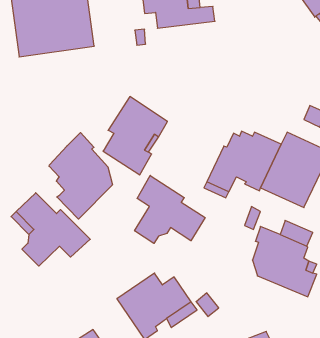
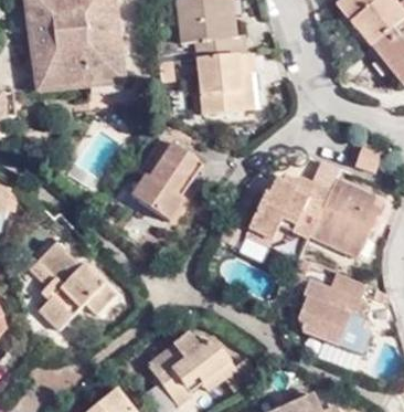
building: none -> [193,51,268,115]
building: [49,133,113,219] -> none
building: [135,175,205,243] -> none

